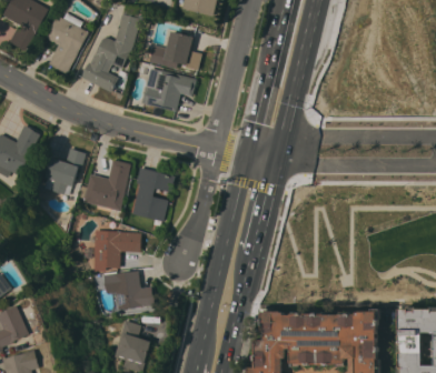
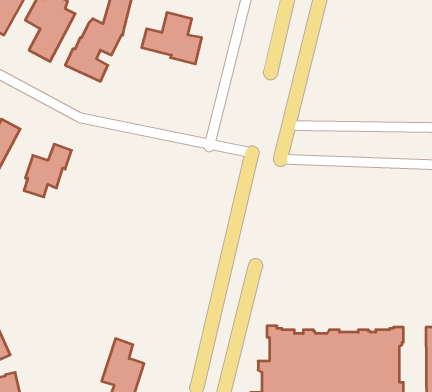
building: [140,69,196,111] -> none
building: [82,159,130,211] -> none
building: [131,168,175,222] -> none
building: [92,230,140,269] -> none
building: [102,271,153,309] -> none

